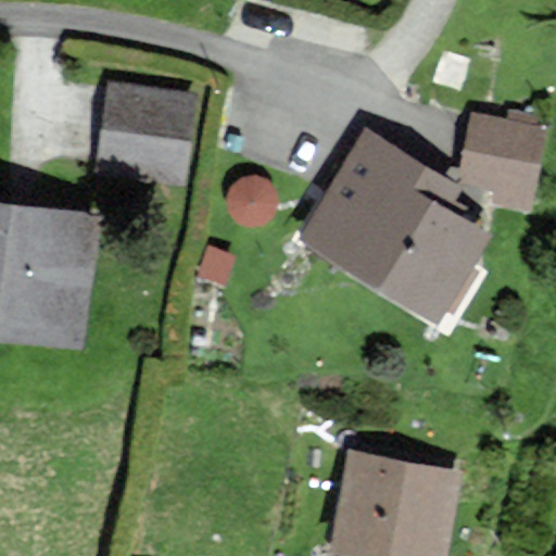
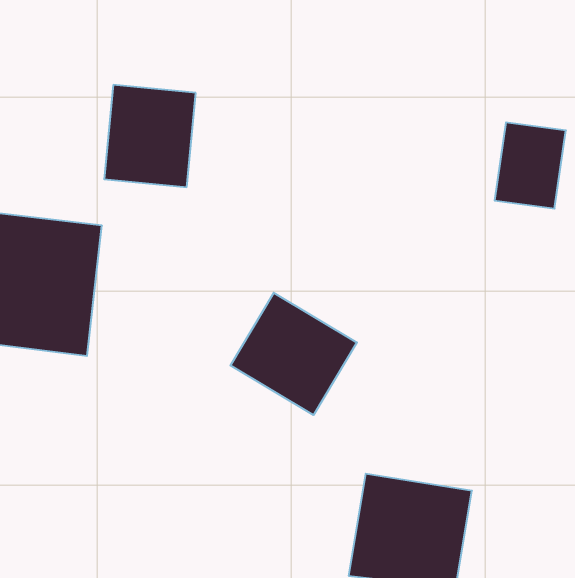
building: [303,136,481,315] -> none
building: none -> [230,293,357,415]

